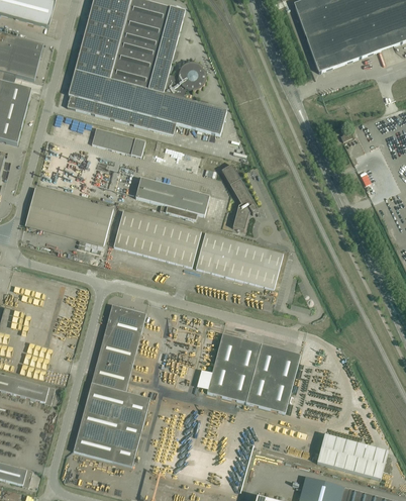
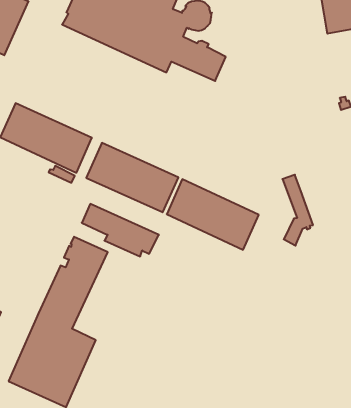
building: [92,127,145,157] -> none
building: [221,164,258,230] -> [282,175,313,246]
building: [135,178,210,219] -> [82,204,159,256]
building: [207,333,300,412] -> none

